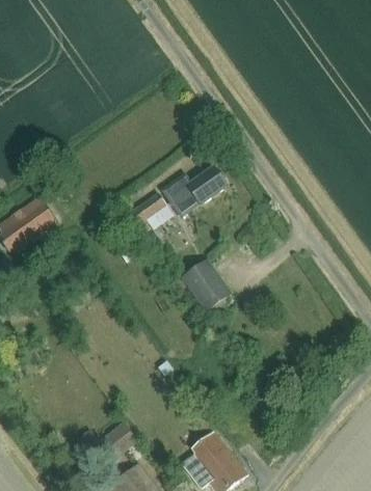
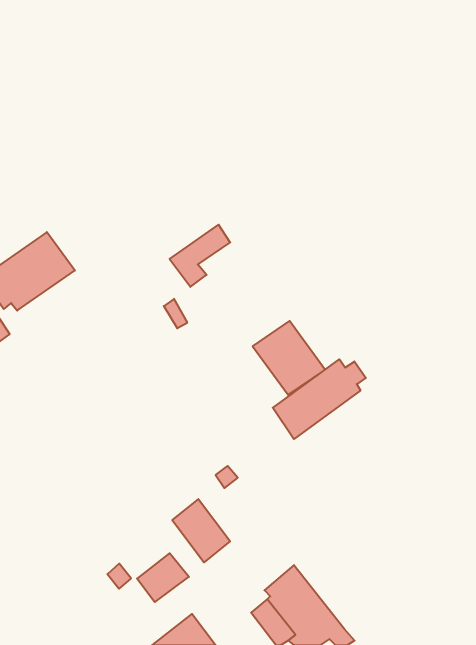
building: [163,168,226,216] -> none
building: none -> [273,359,366,439]
building: none -> [172,499,230,562]

